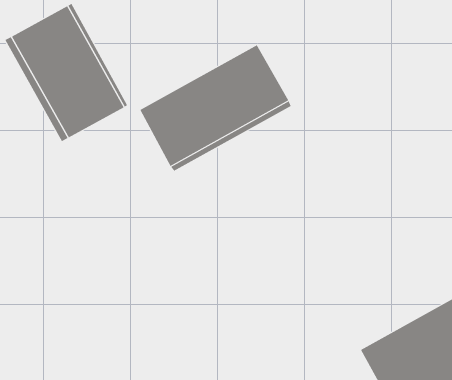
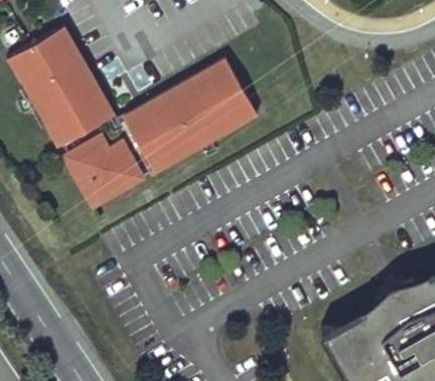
building: none -> [63,138,144,211]

